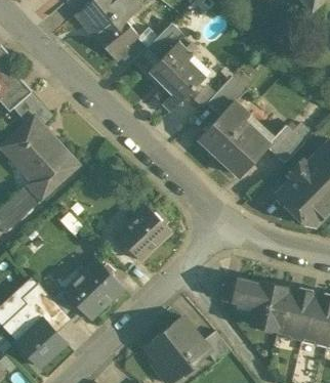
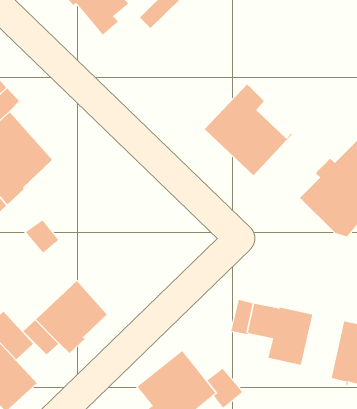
building: [149,41,207,113] -> none
building: [207,77,247,117] -> none
building: [266,126,304,164] -> none
building: [117,207,172,261] -> none
building: [277,288,313,339] -> none

